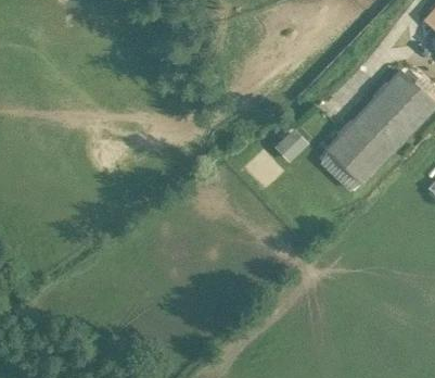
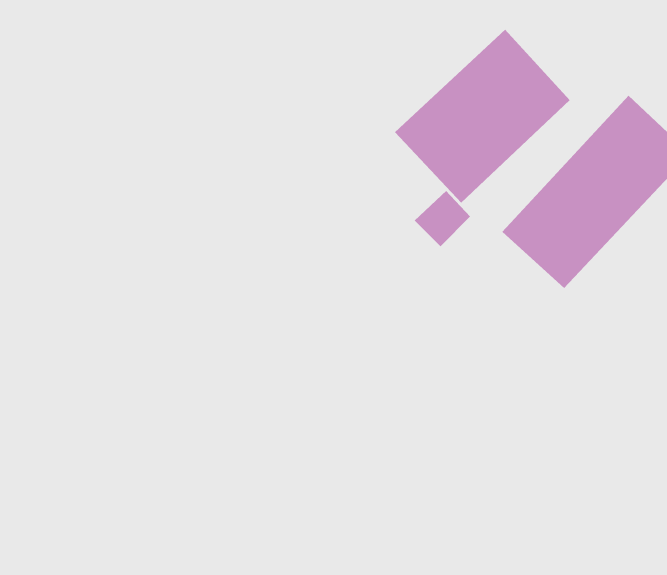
building: none -> [394,29,570,204]

